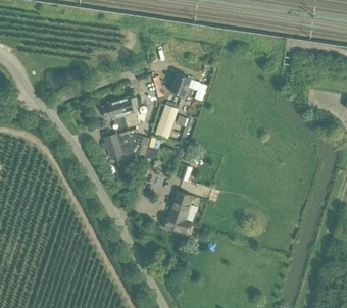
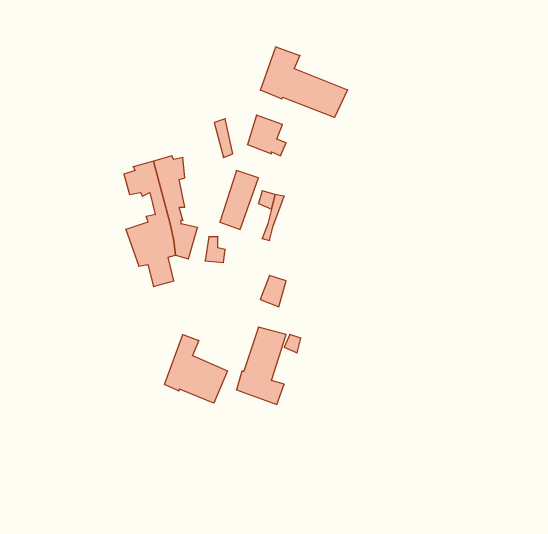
building: none -> [260,47,347,117]
building: none -> [165,335,228,403]

